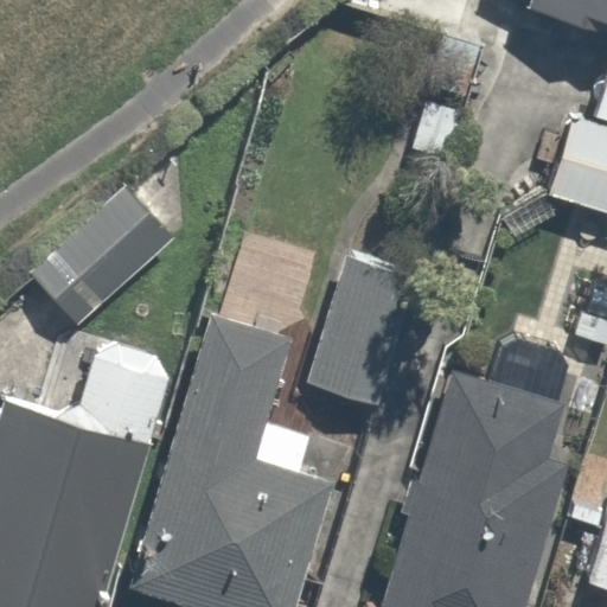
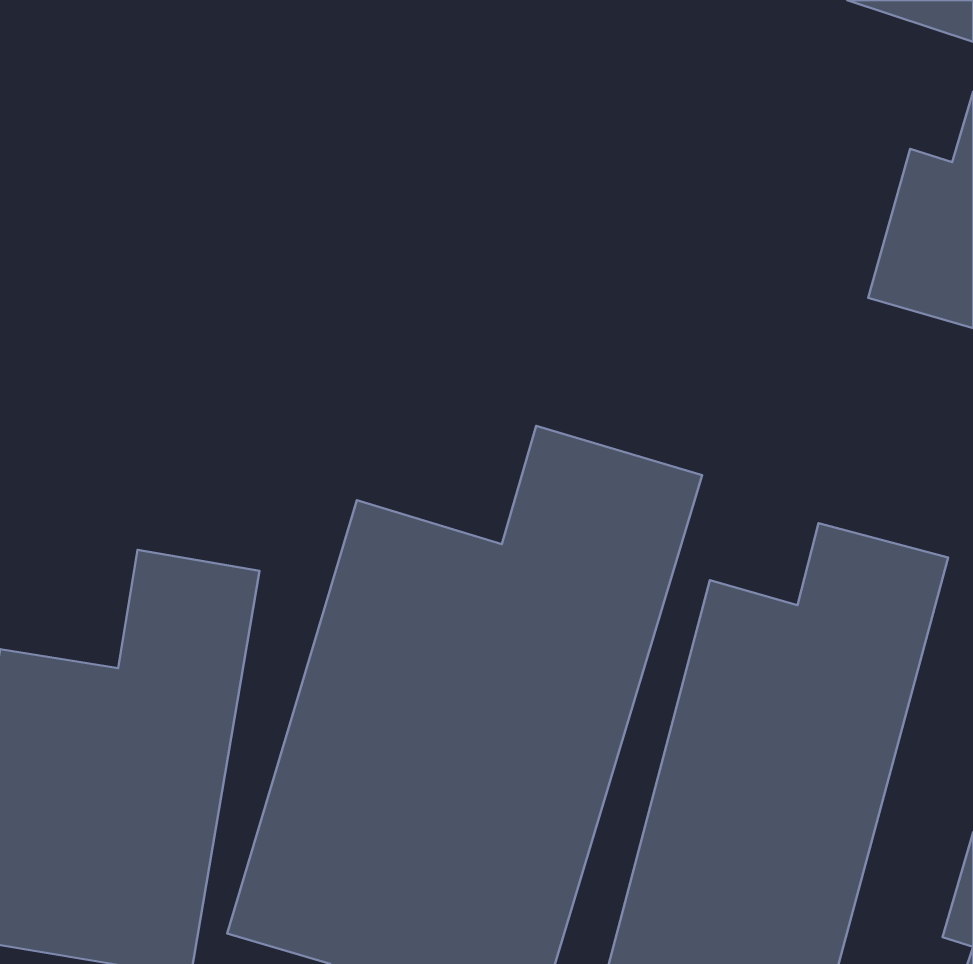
building: [21,180,173,327] -> none

